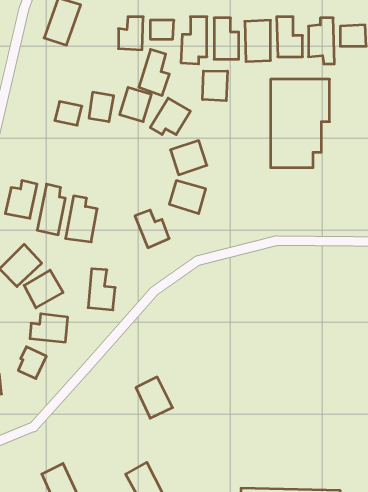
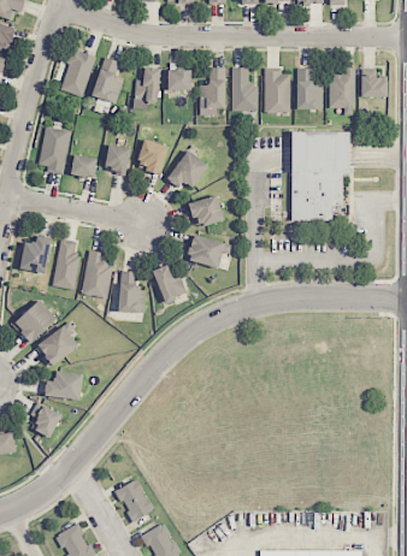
building: [139,49,169,95] -> [92,57,123,103]
building: [203,71,227,101] -> none
building: none -> [39,126,71,175]
building: [88,269,115,310] -> [118,271,146,313]
building: [136,377,173,418] -> [117,479,154,521]

